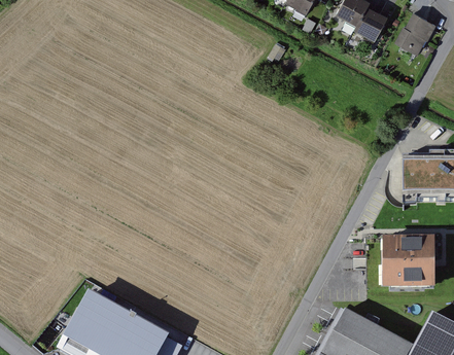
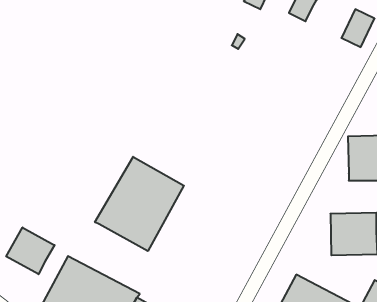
building: [351,6,381,39] -> none
building: none -> [95,157,184,251]
building: none -> [6,227,55,274]

